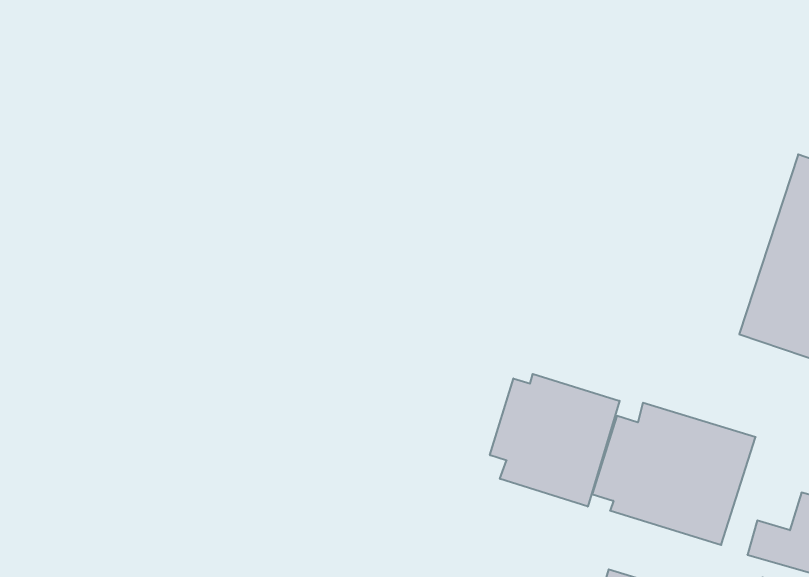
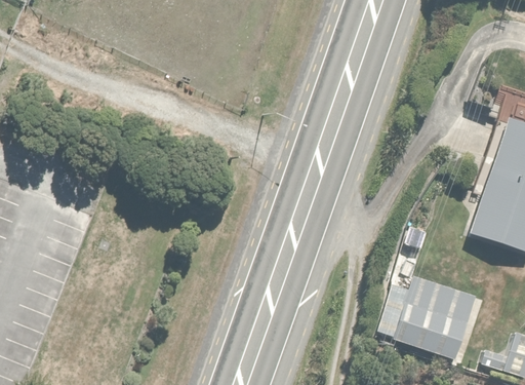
building: [490,374,620,507] -> none

